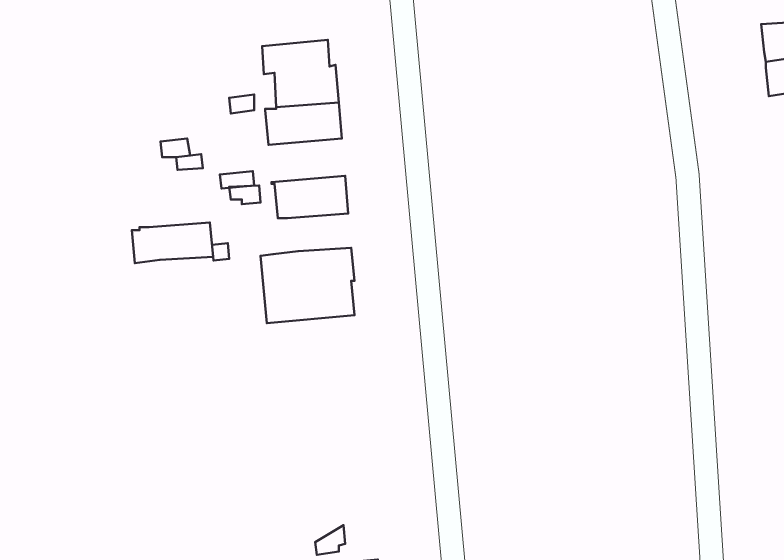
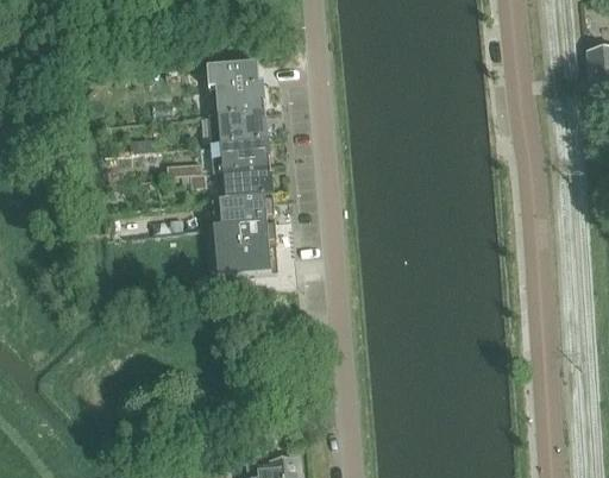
building: none -> [212,136,270,169]
building: [132,222,213,263] -> [213,193,275,224]

